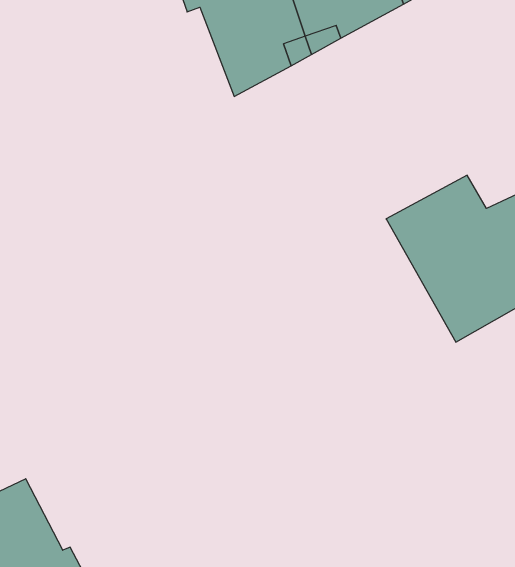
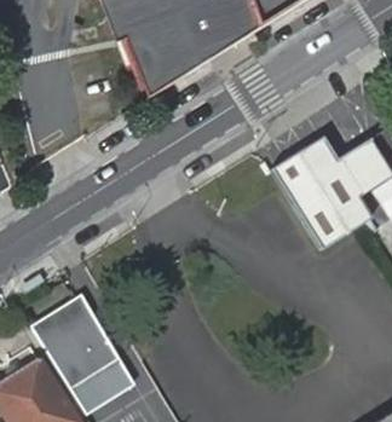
building: none -> [31,293,133,410]

